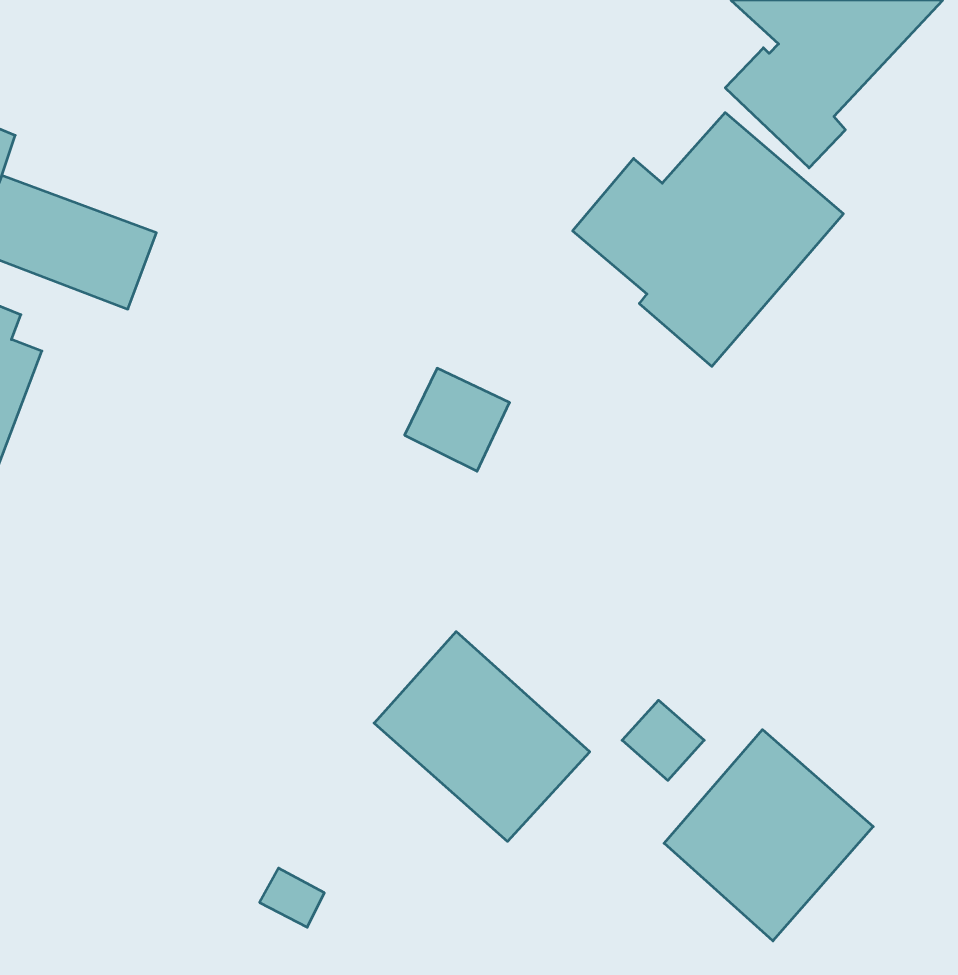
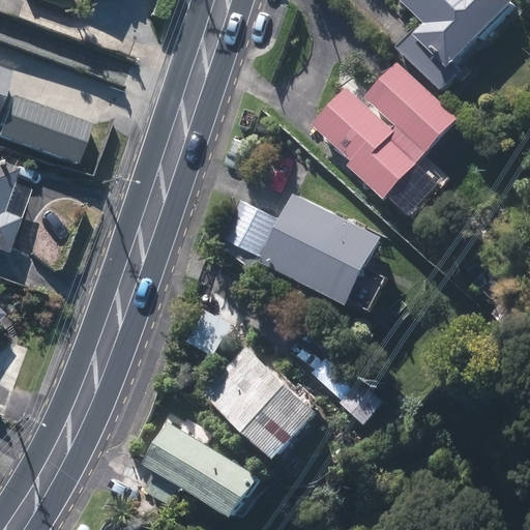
building: none -> [260,194,381,304]
building: [664,730,873,941] -> none
building: none -> [144,419,264,516]

